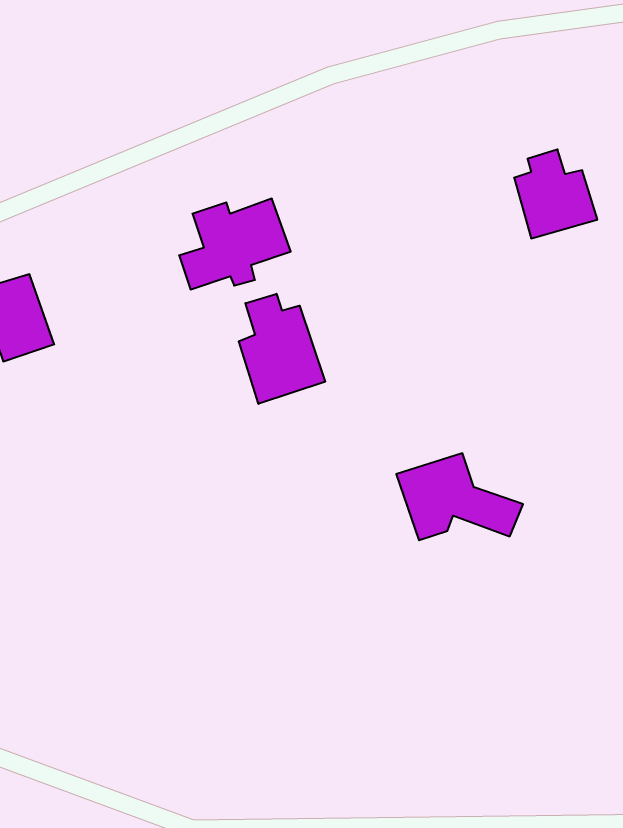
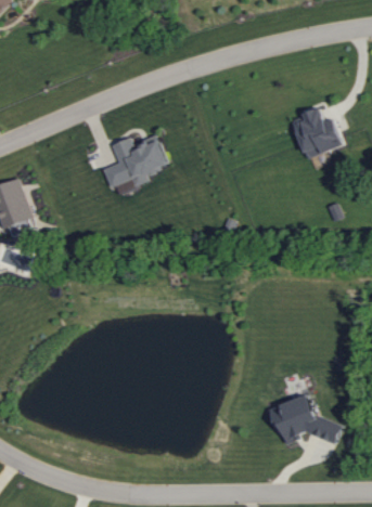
building: [239,294,325,404] -> none
building: [396,453,523,540] -> [270,395,343,445]

